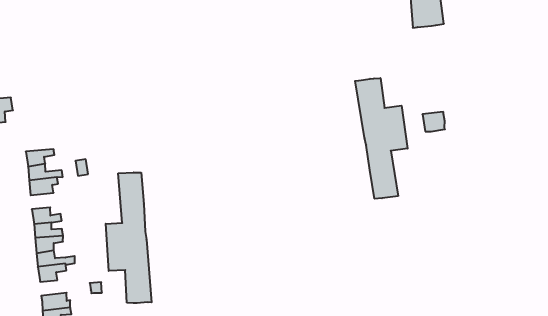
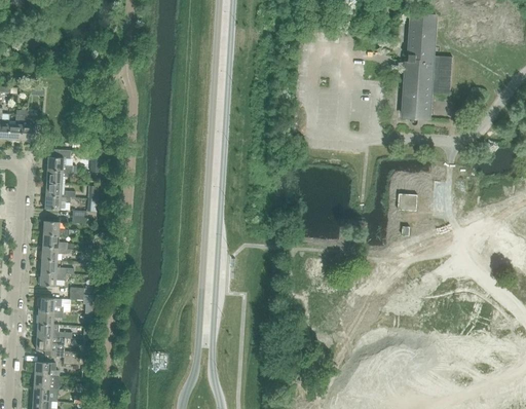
building: [355,78,408,199] -> none
building: none -> [44,151,76,172]
building: [106,172,152,303] -> none

